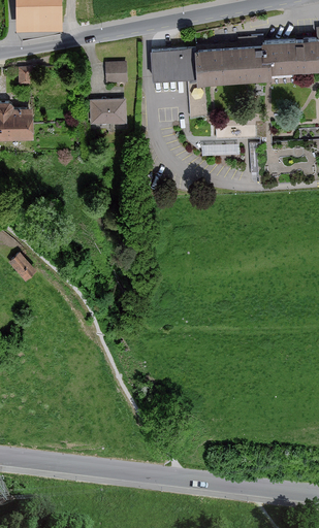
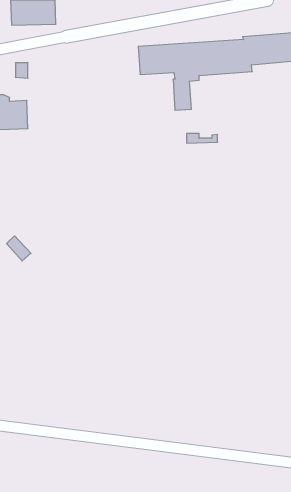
building: [102,64,126,85] -> none
building: [88,99,126,124] -> none

